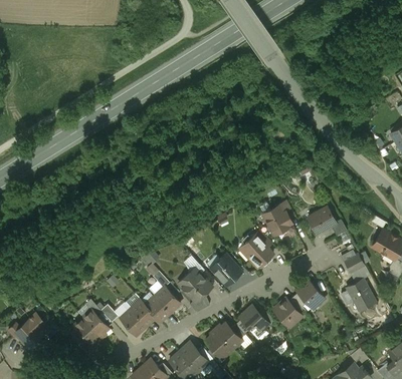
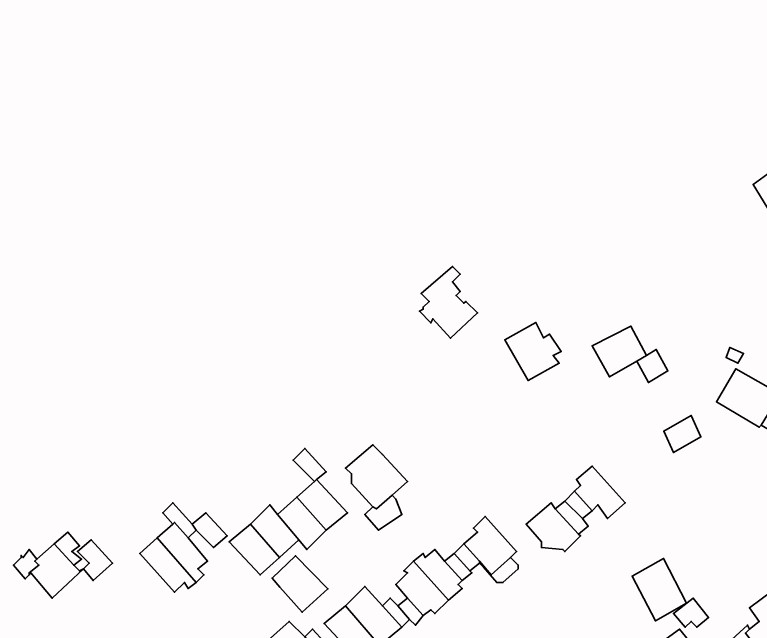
building: [243,230,273,267] -> [419,266,478,338]
building: [211,254,246,289] -> none
building: [347,278,375,310] -> [632,559,687,621]
building: none -> [272,556,328,612]

